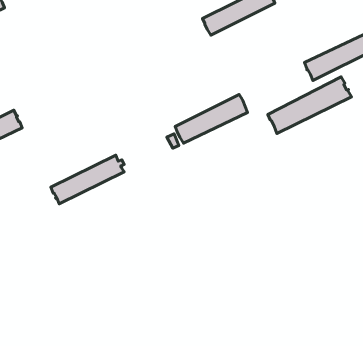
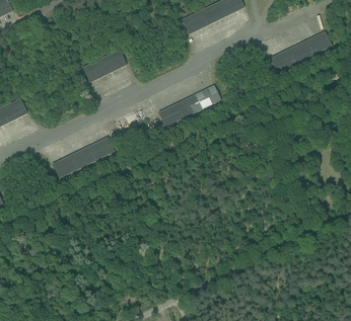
building: none -> [82,49,126,81]
building: [268,77,351,134] -> none

